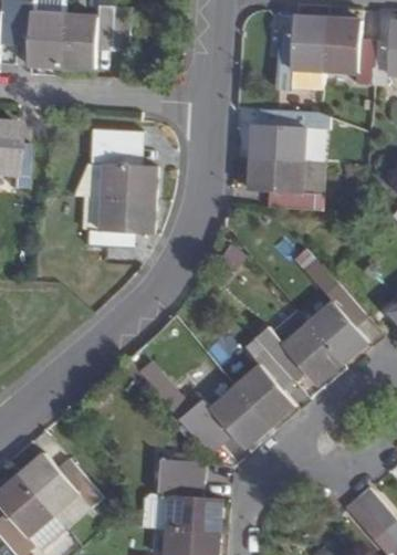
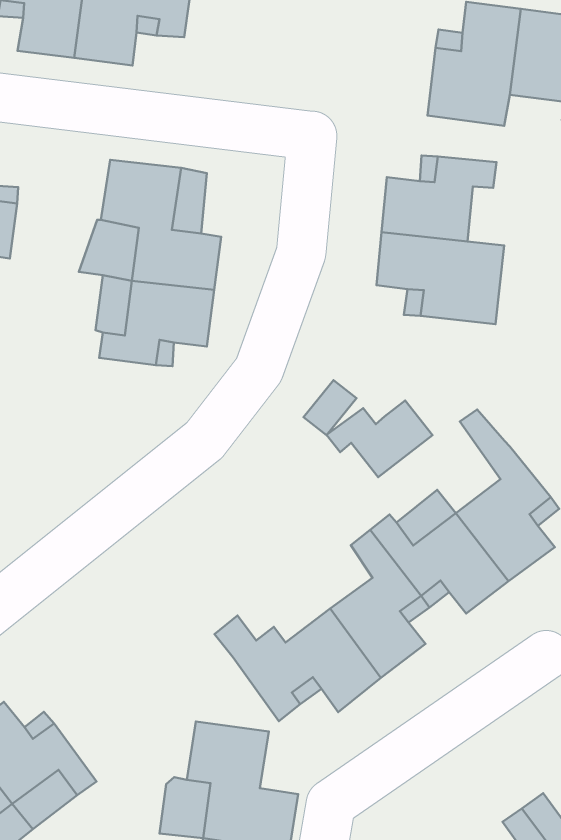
building: none -> [327,401,432,477]

